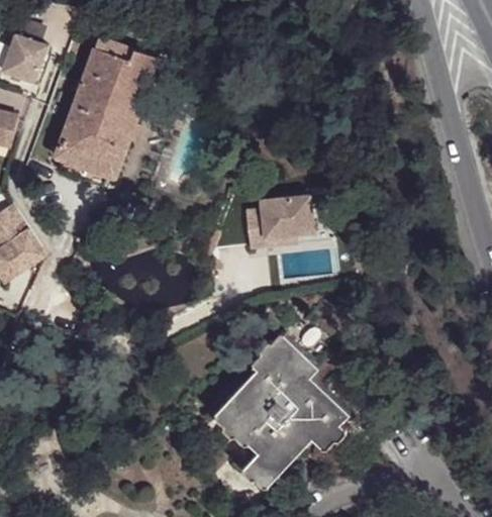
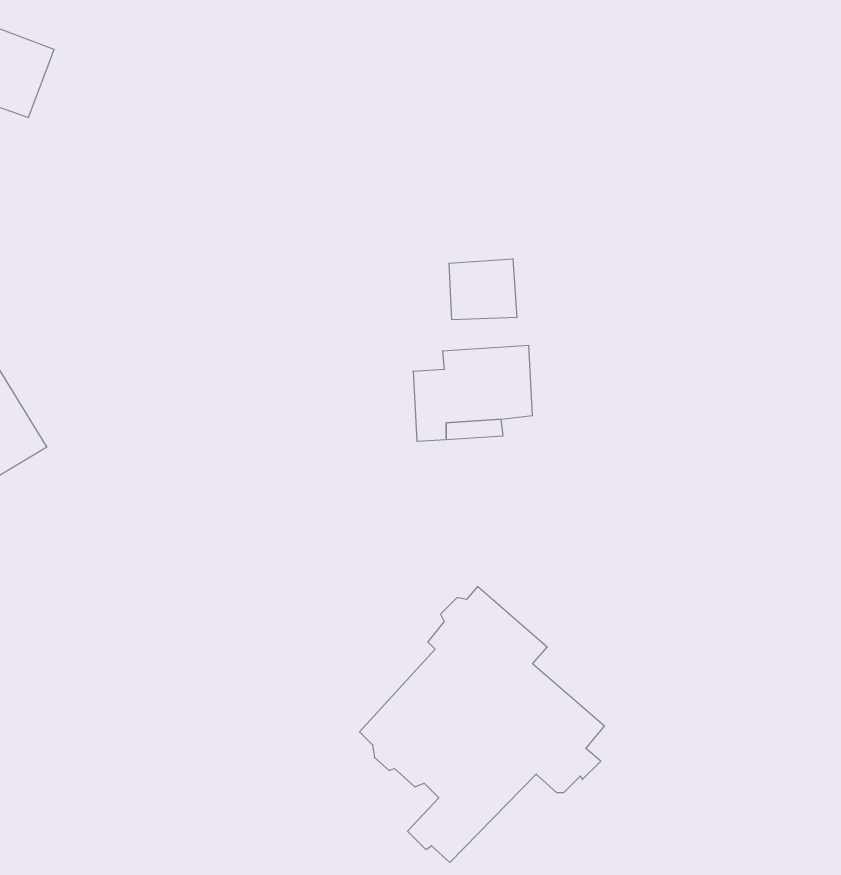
building: [53,39,154,179] -> none
building: none -> [449,259,517,320]

